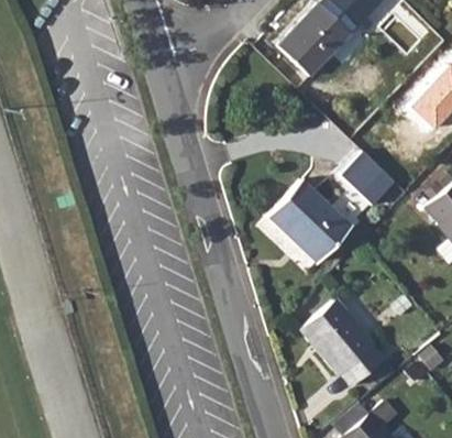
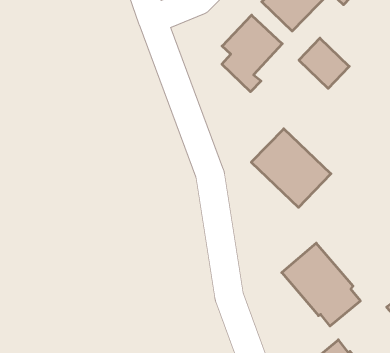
building: none -> [222,15,282,92]
building: [344,152,397,205] -> [299,38,349,88]

